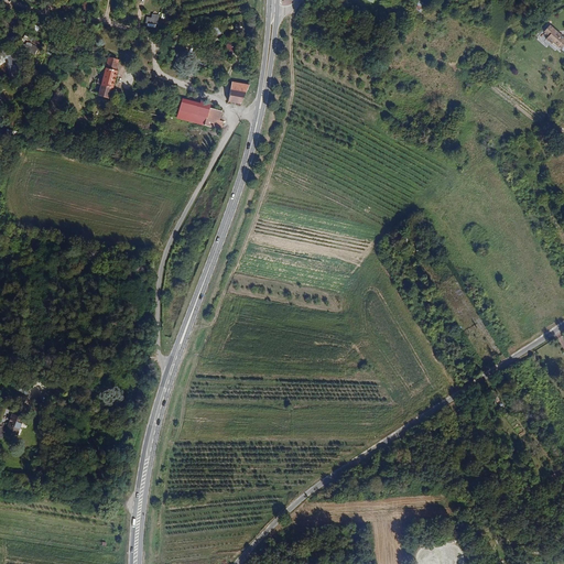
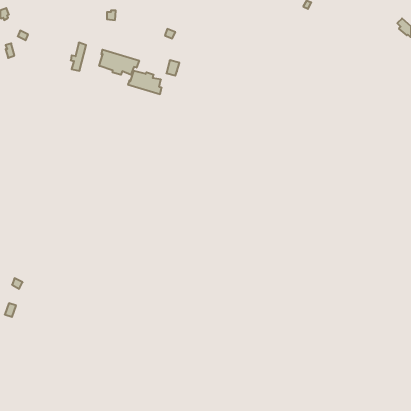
building: none -> [99,50,139,75]

